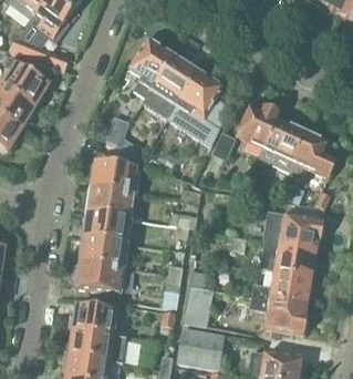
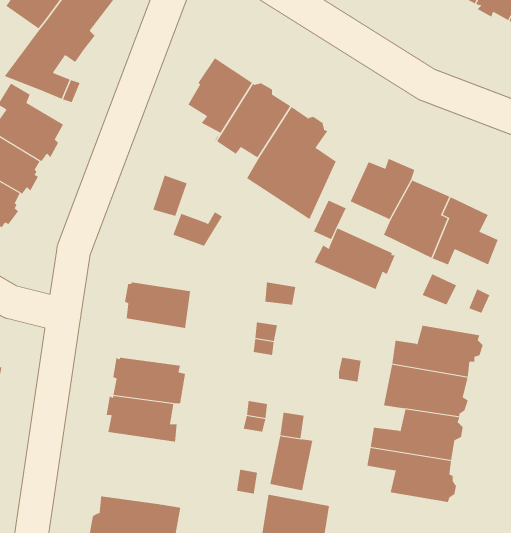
building: none -> [314,227,396,290]
building: [91,162,137,194] -> none
building: [83,212,128,243] -> none
building: [69,305,120,335] -> none

